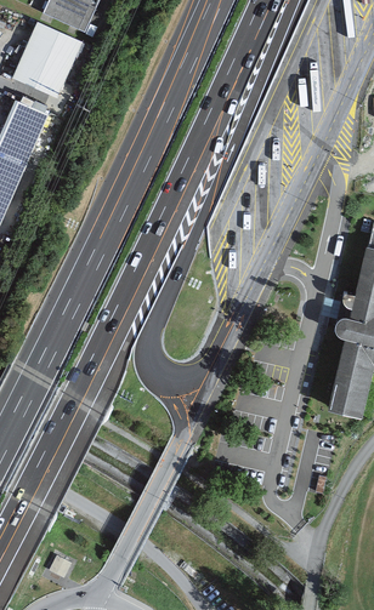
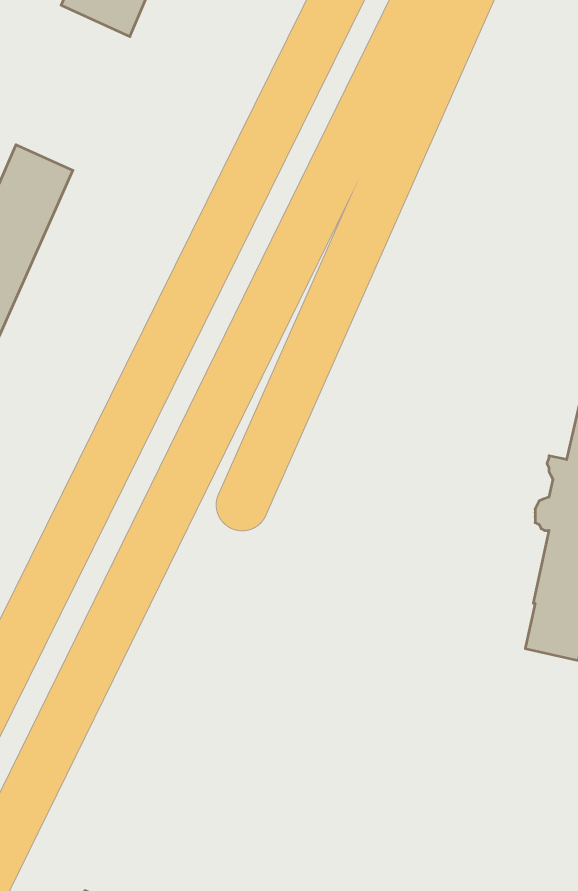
building: [12,21,83,97] -> none

